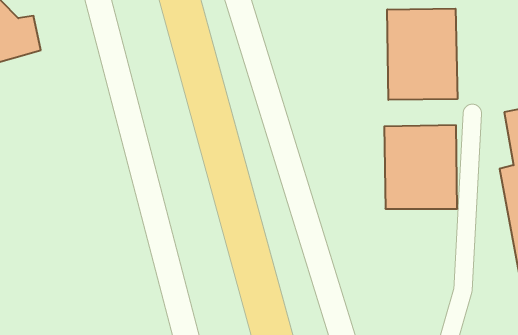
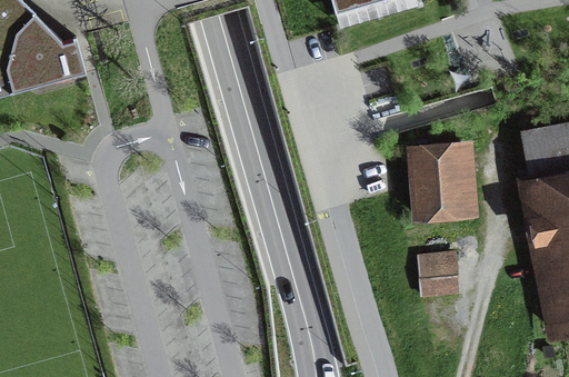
building: [387,9,457,100] -> none
building: none -> [418,251,460,298]

